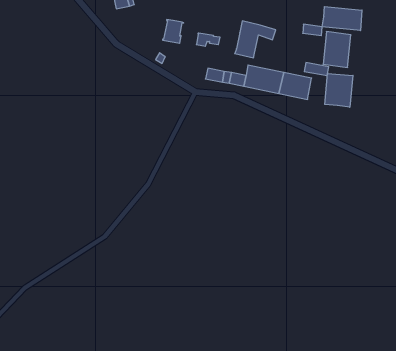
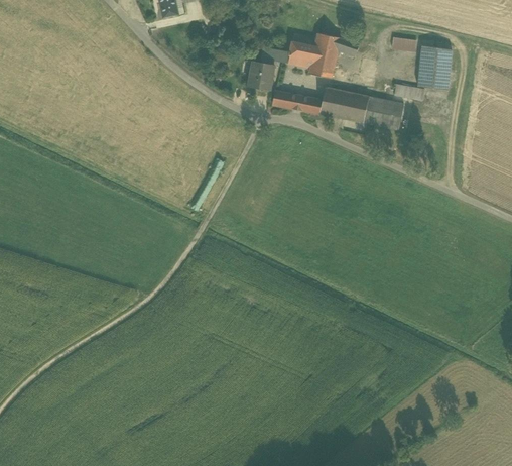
building: [322,7,362,31] -> none
building: [163,20,184,43] -> [248,62,274,91]
building: none -> [288,42,314,68]
building: [325,73,353,107] -> none

